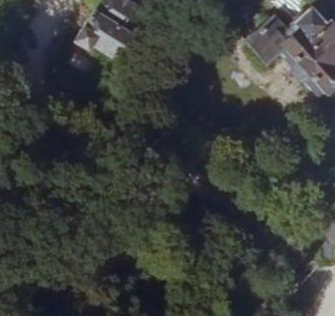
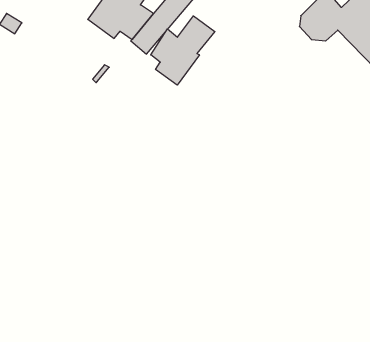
building: none -> [151,16,215,85]

